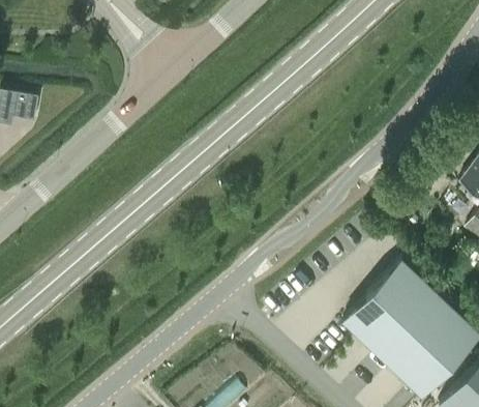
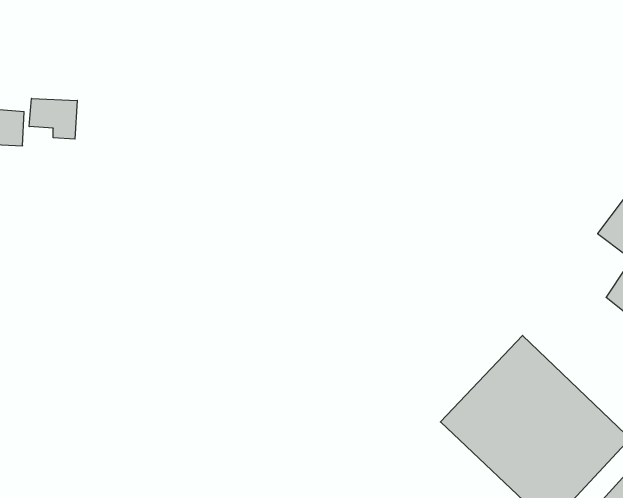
building: none -> [29,98,77,139]

